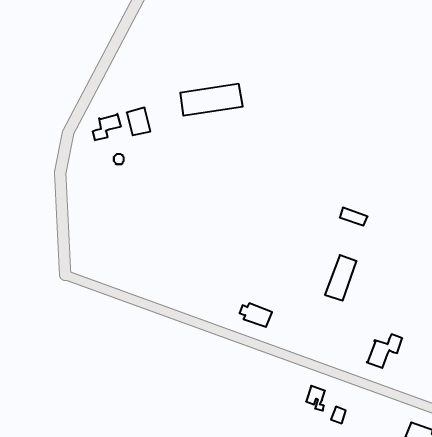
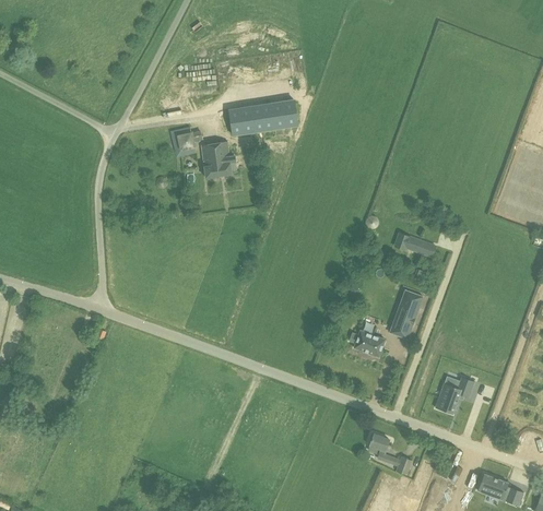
building: [93,114,121,140] -> none
building: none -> [201,141,236,176]
building: [239,303,272,327] -> [349,329,385,355]

